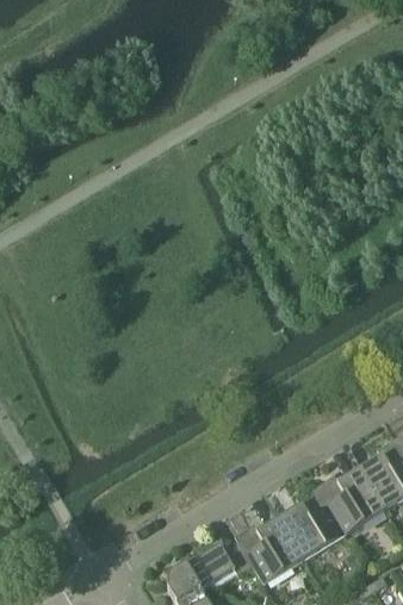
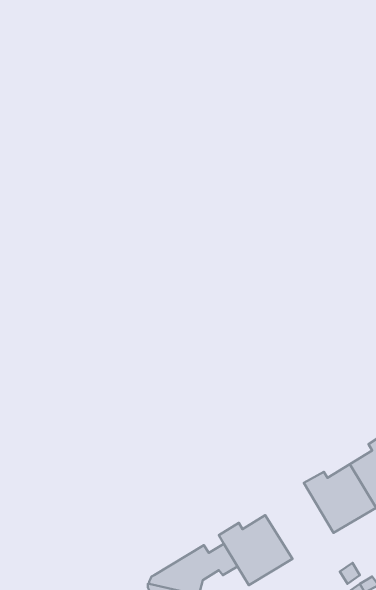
building: [278,487,343,560] -> none

